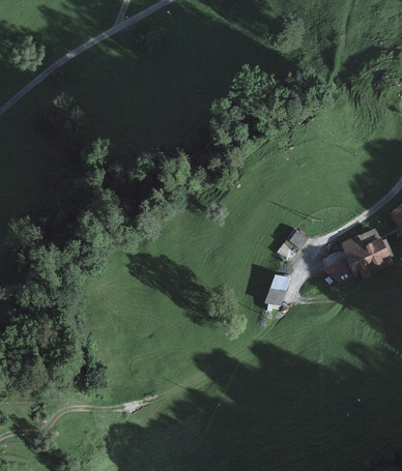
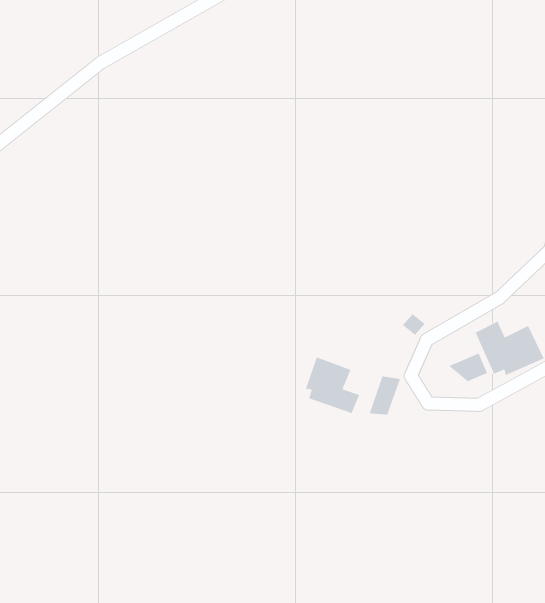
building: none -> [305,357,360,414]

